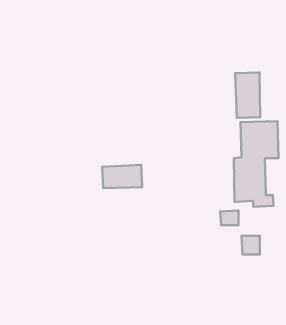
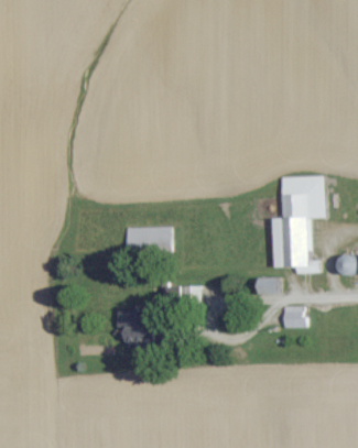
building: [235,73,260,118] -> none
building: none -> [116,310,156,347]

